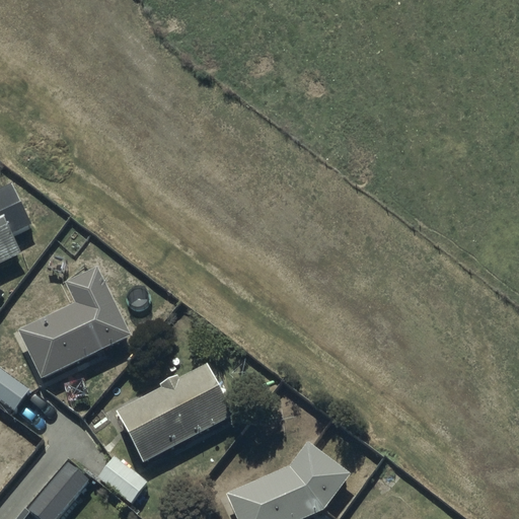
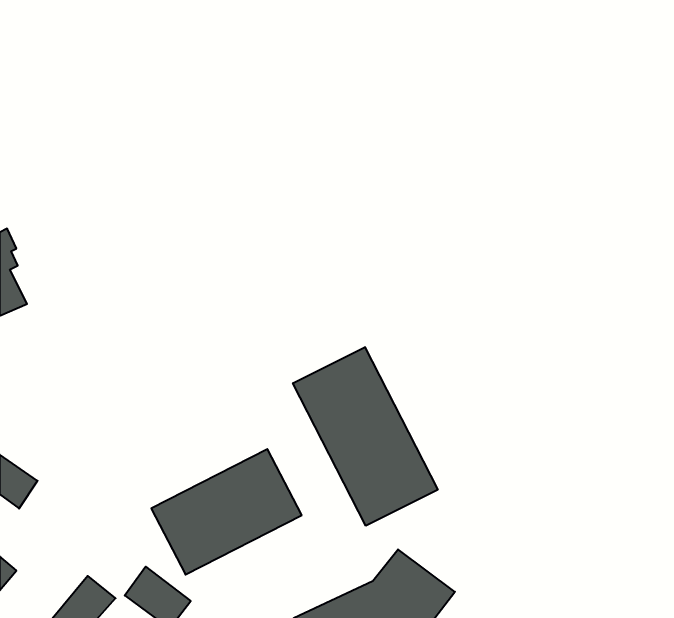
building: [17,267,132,377] -> none
building: none -> [293,347,438,526]

